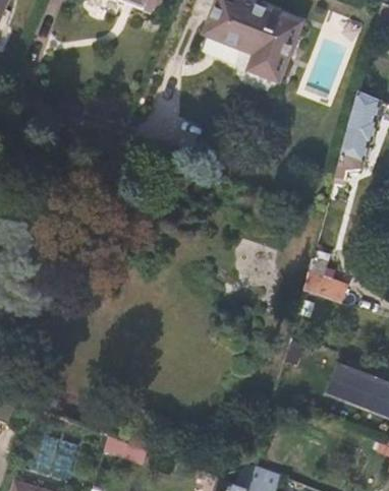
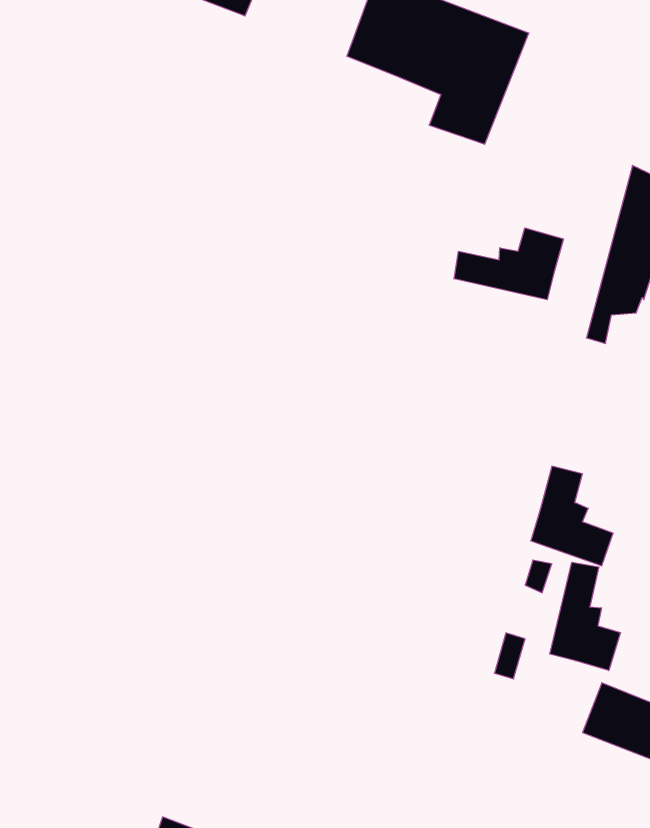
building: none -> [454,228,564,300]
building: none -> [550,562,620,671]

